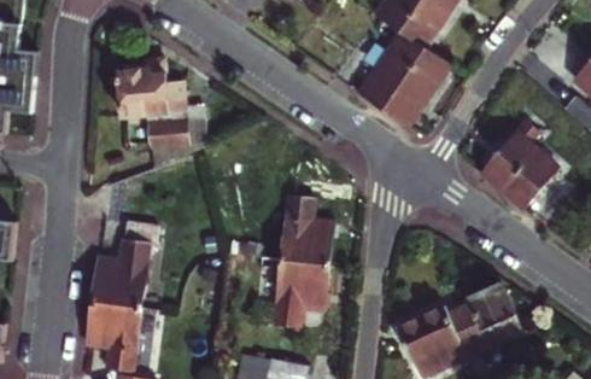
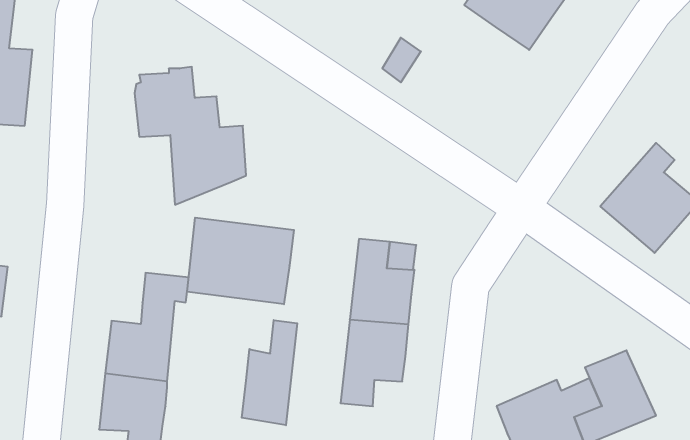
building: [352,30,446,128] -> none
building: none -> [187,218,294,304]
building: none -> [242,320,297,425]

